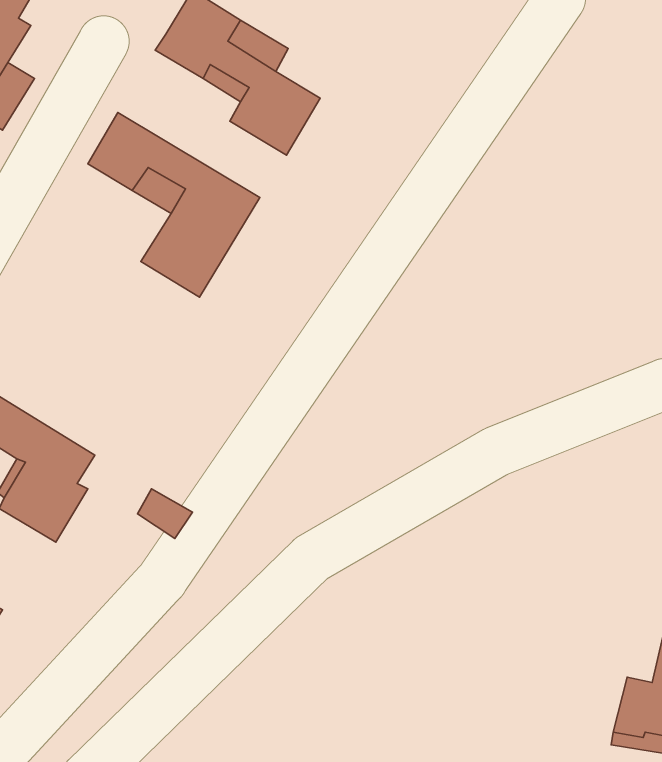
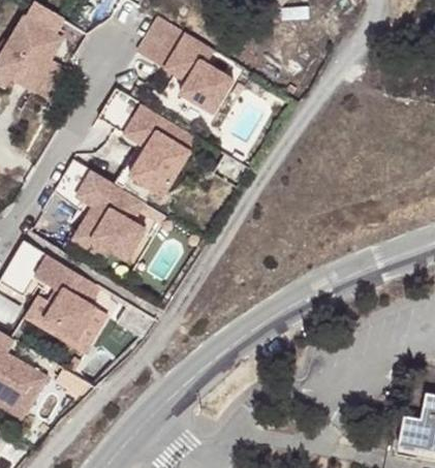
building: none -> [53,159,145,261]

